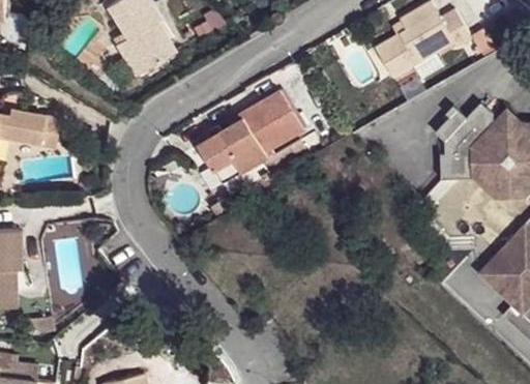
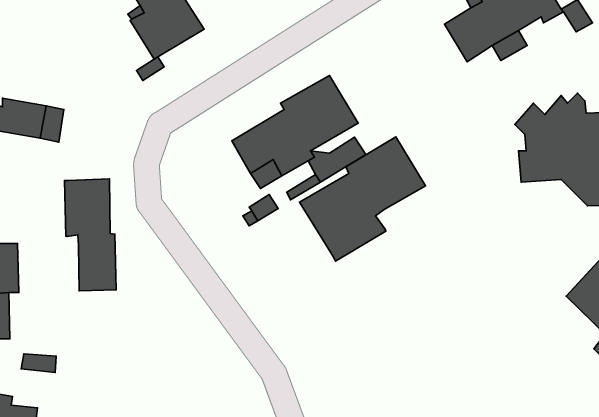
building: none -> [300,137,425,261]
building: none -> [65,179,116,291]

